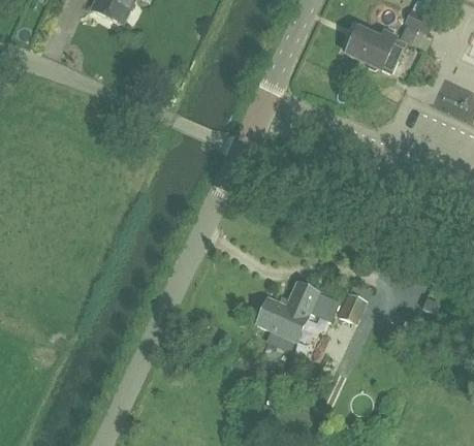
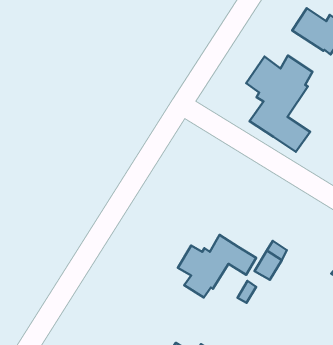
building: none -> [246,55,313,152]

